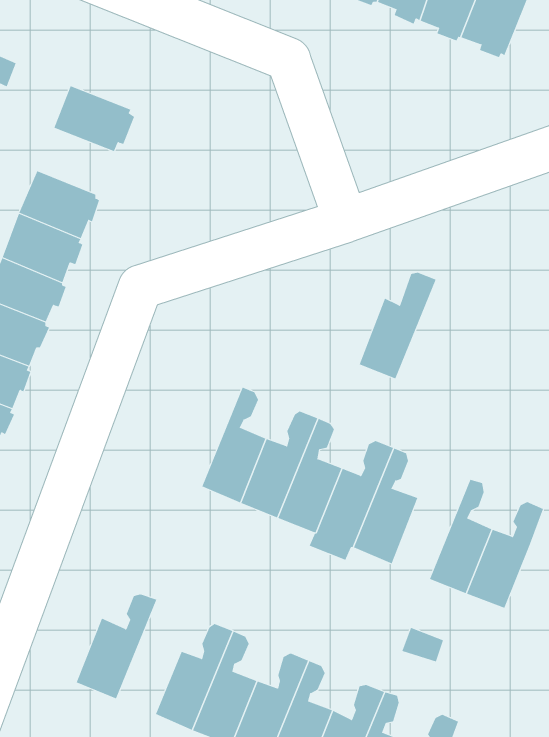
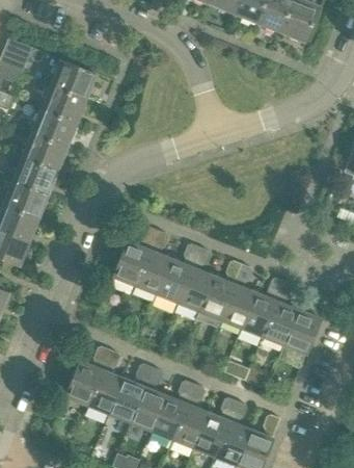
building: none -> [43,84,88,122]
building: [359,272,436,379] -> [242,278,285,338]
building: none -> [111,226,158,286]
building: none -> [87,349,124,414]

